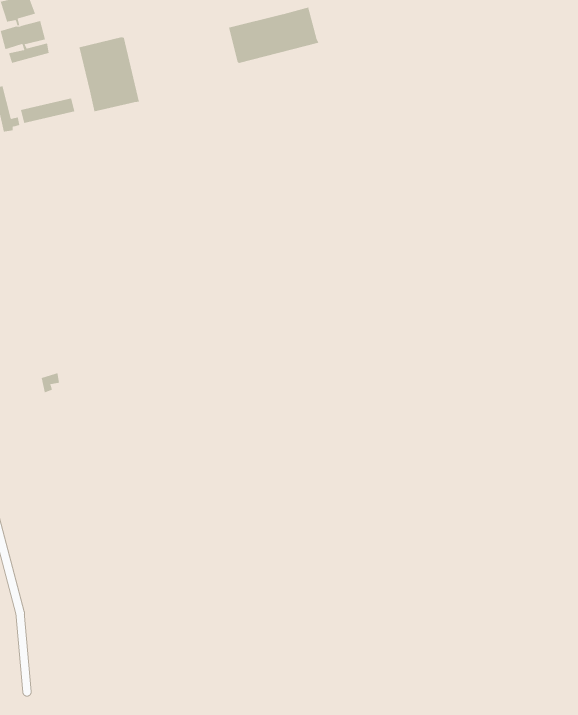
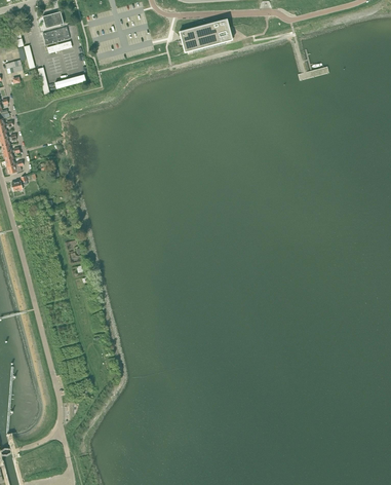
building: [79,37,139,112] -> none

